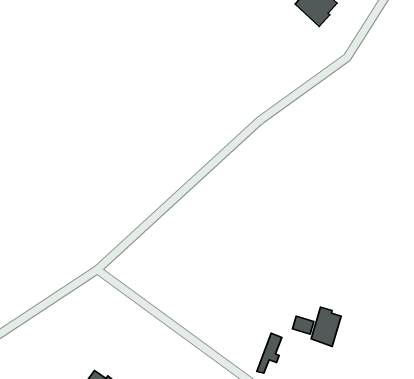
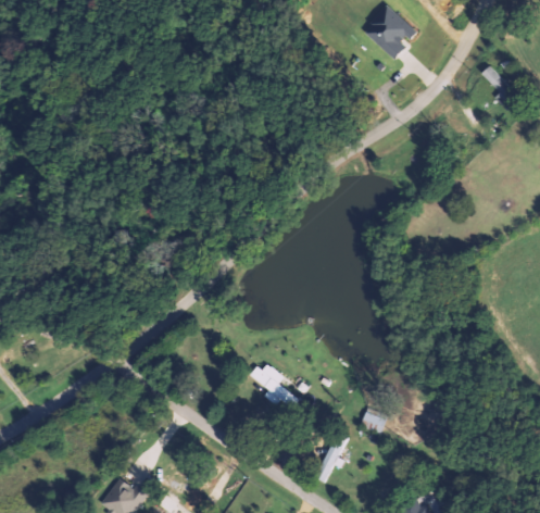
building: none -> [250,362,301,409]
building: [311,307,341,346] -> none

